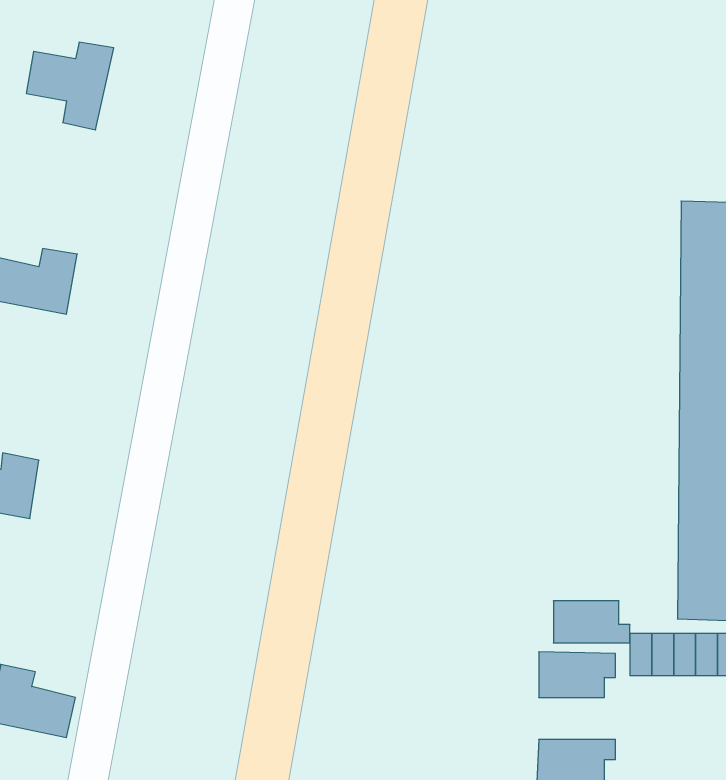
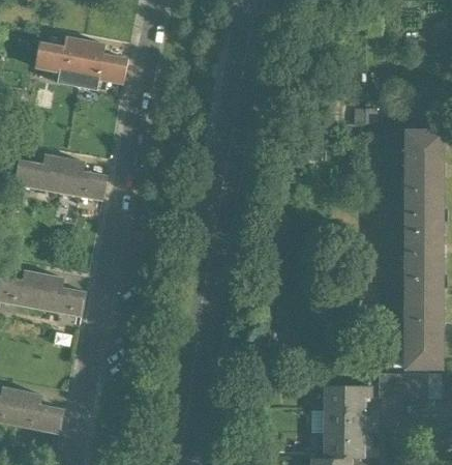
building: none -> [74,41,126,92]
building: none -> [58,158,106,200]
building: none -> [37,275,85,316]
building: [553,601,630,643] -> [326,410,369,434]

